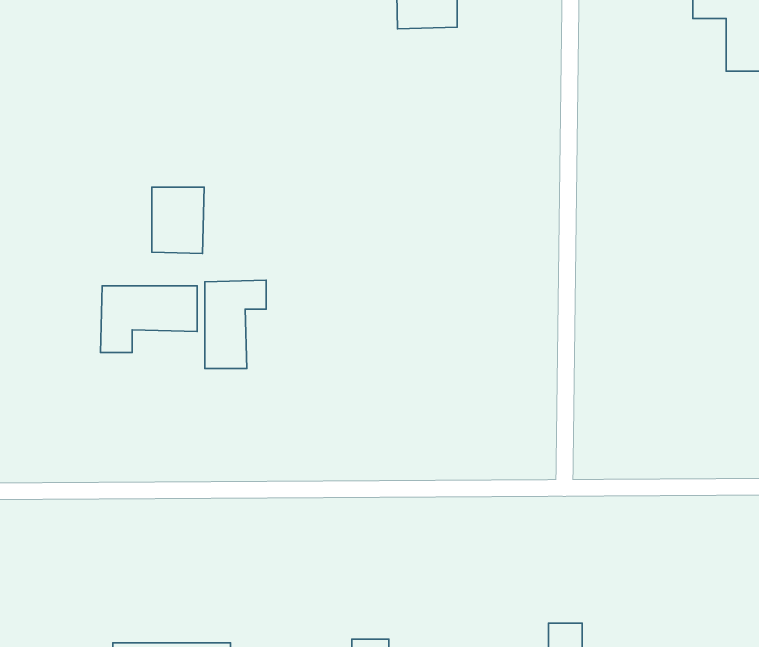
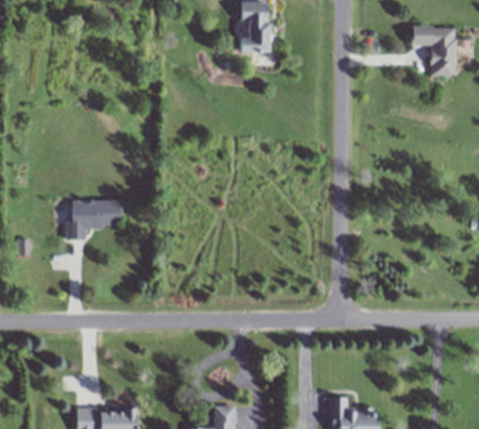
building: [152,187,204,254] -> none
building: [205,280,266,369] -> none

